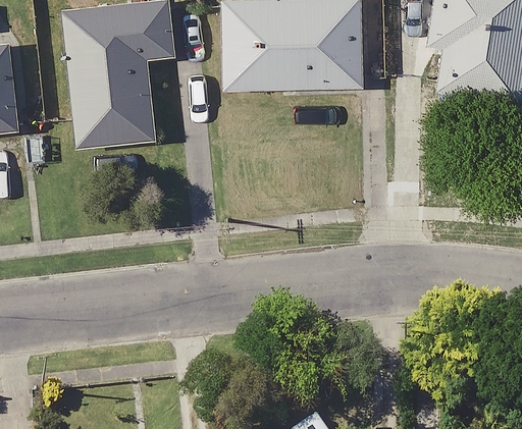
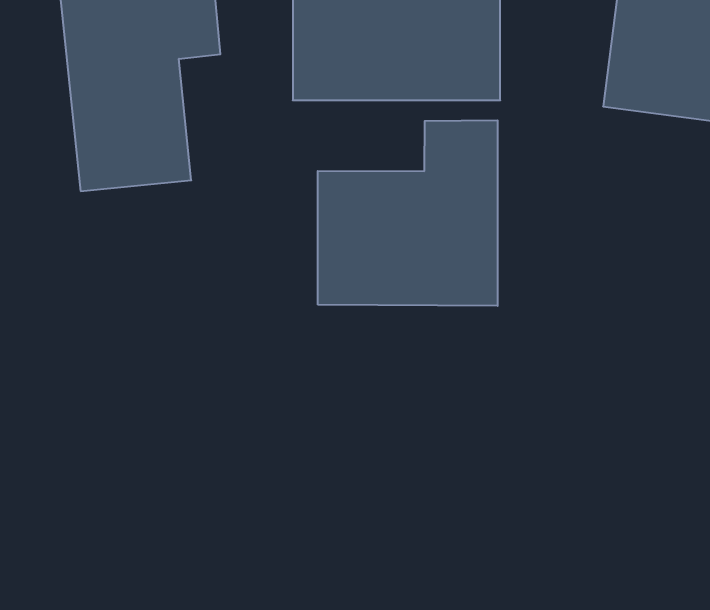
building: none -> [318,120,498,306]

